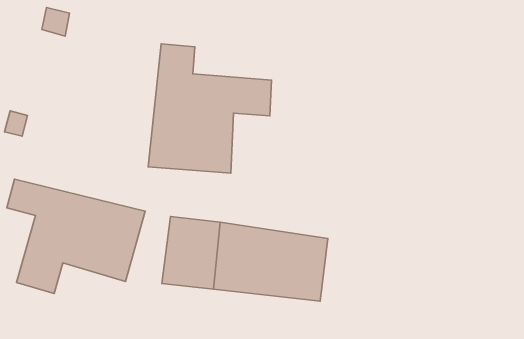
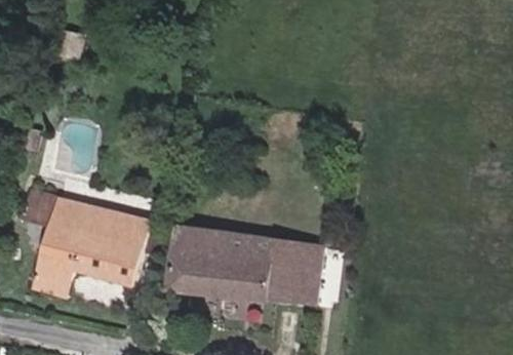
building: [148,44,271,173] -> none

